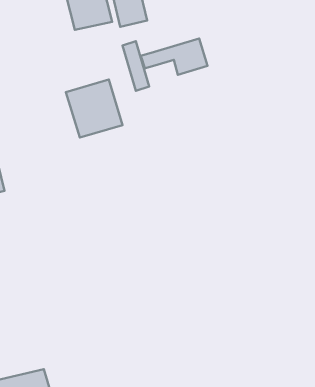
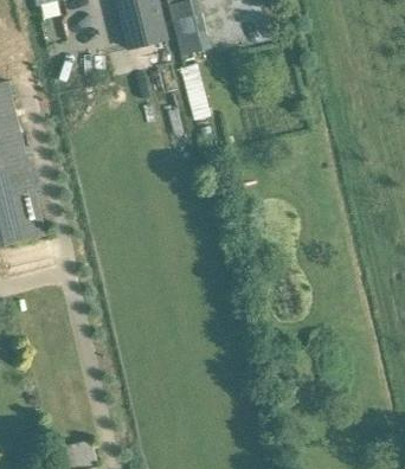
building: [141,39,207,75] -> none
building: [66,79,122,137] -> none

